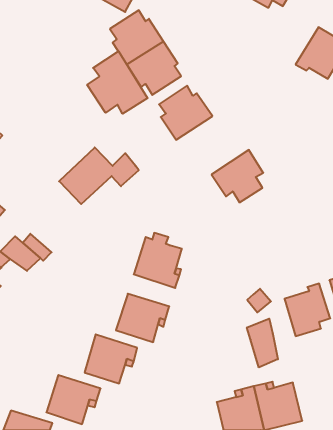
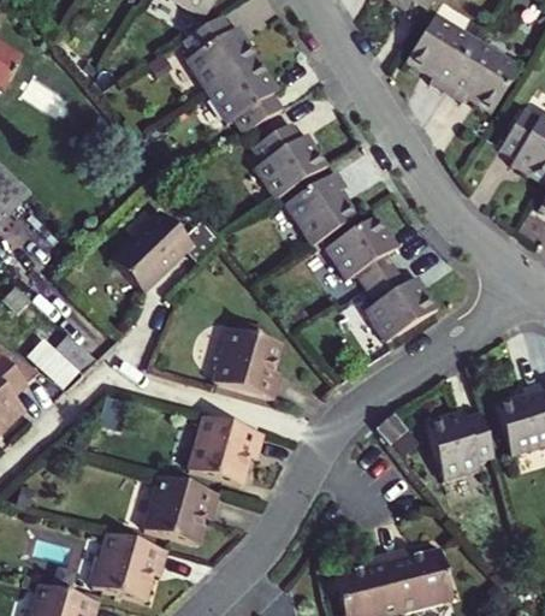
building: none -> [405,13,476,93]
building: [87,51,148,114] -> none
building: none -> [283,170,357,247]
building: none -> [365,268,438,343]
building: [247,319,278,367] -> none

